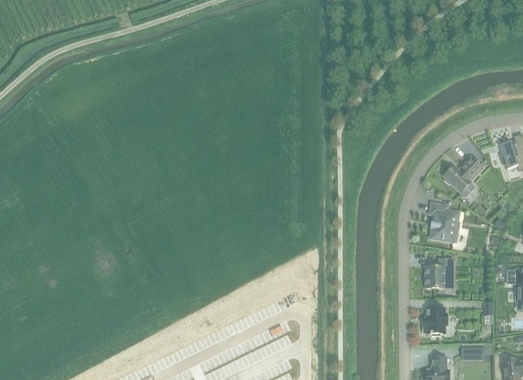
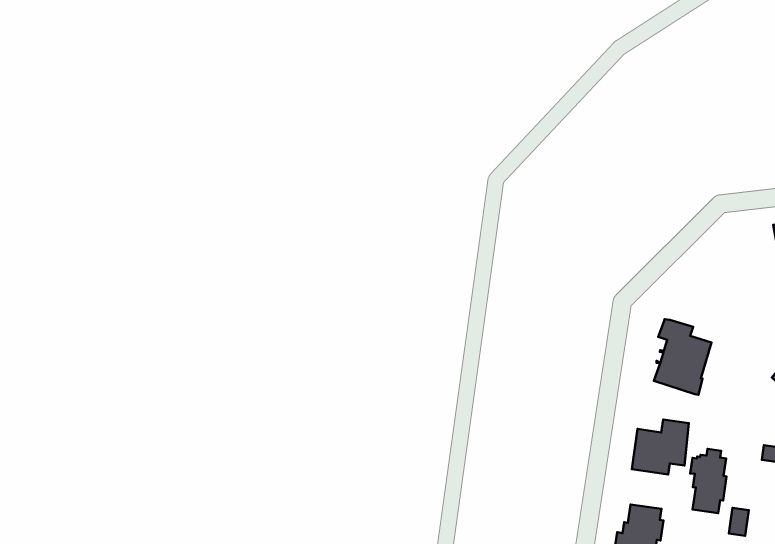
building: [443,155,482,192] -> none
building: none -> [690,449,727,513]

